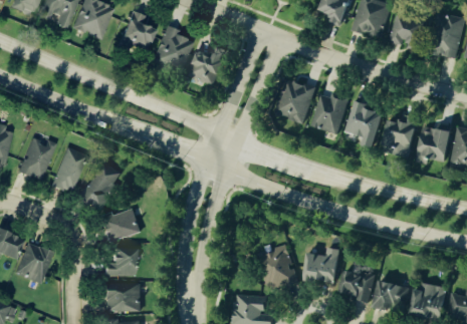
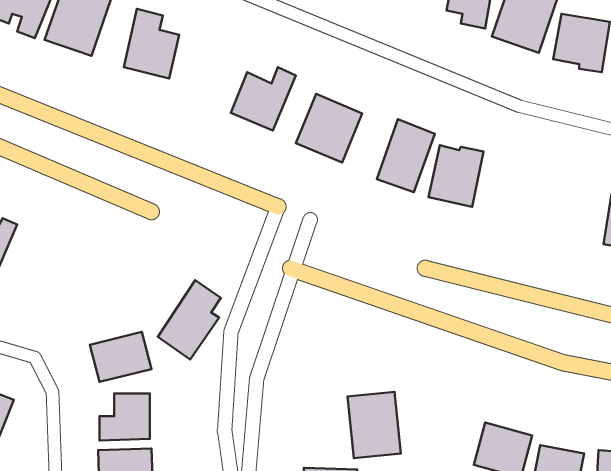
building: [155,25,193,68] -> none
building: none -> [296,94,362,162]
building: [345,102,381,147] -> none
building: [383,113,419,156] -> none
building: [50,146,88,193] -> none
building: [79,161,119,211] -> [158,280,221,360]
building: [305,251,339,281] -> none

